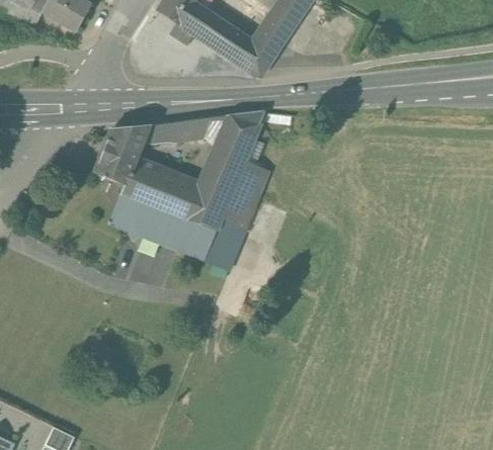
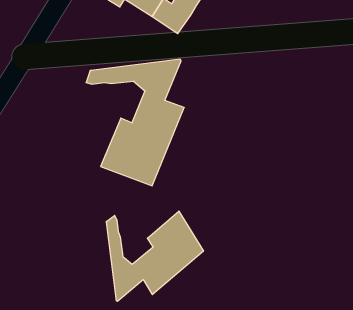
building: [94,124,188,245] -> none
building: none -> [106,211,203,301]

